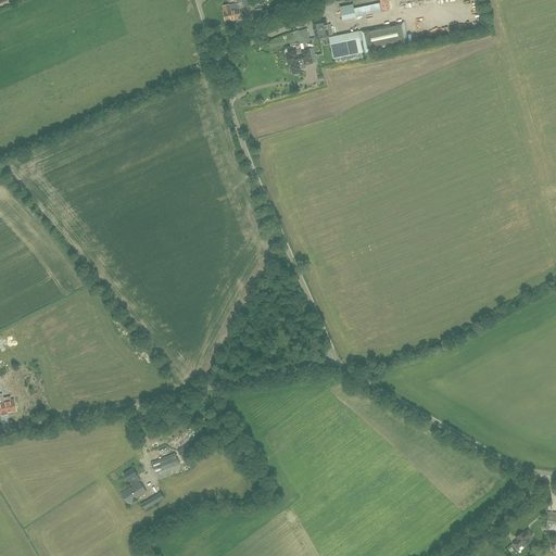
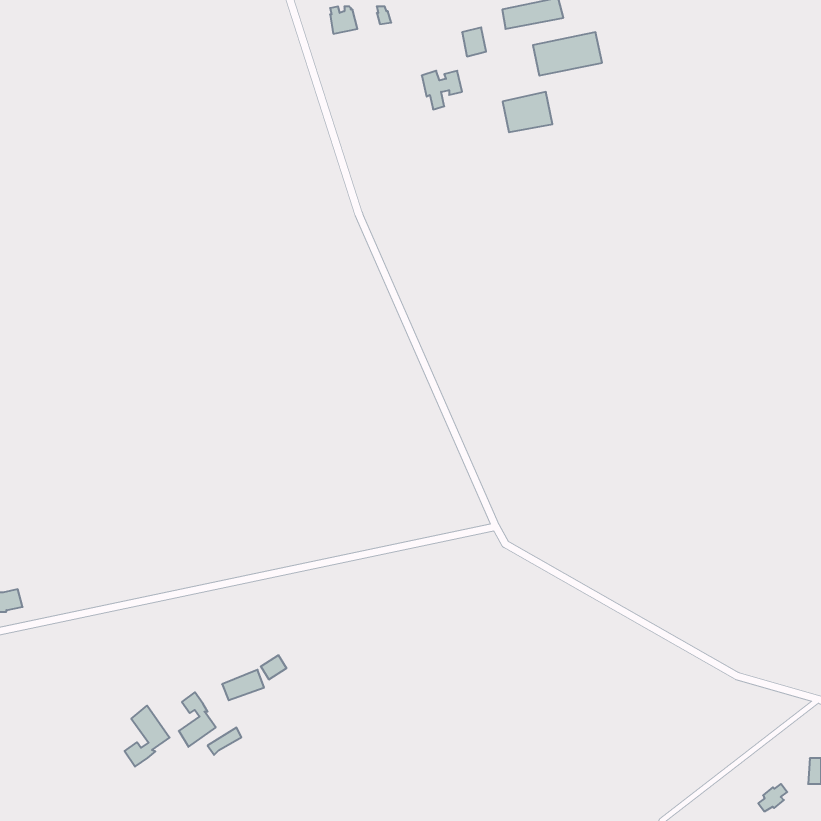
building: [328,30,362,58] -> [503,92,552,132]
building: none -> [125,706,170,767]

